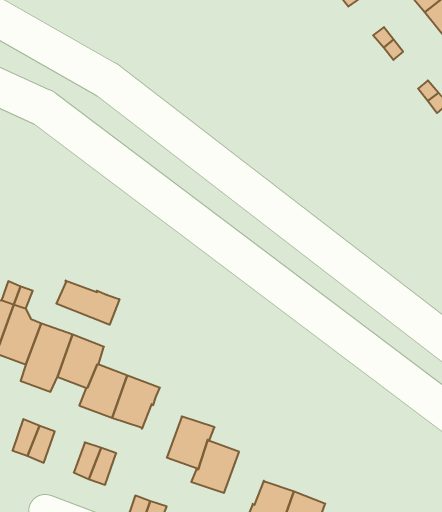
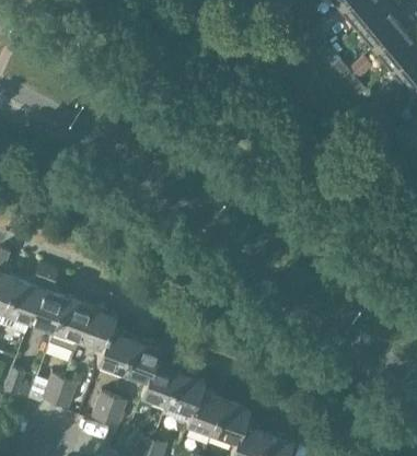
building: [56,280,119,325] -> none
building: none -> [137,363,177,409]
building: none -> [211,401,248,444]

